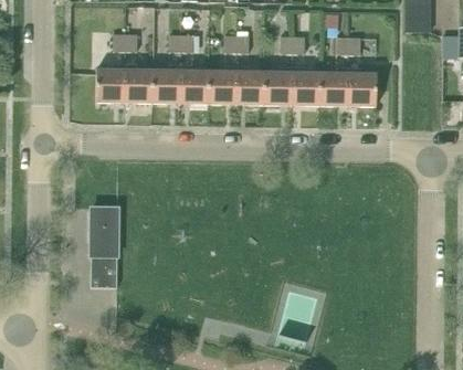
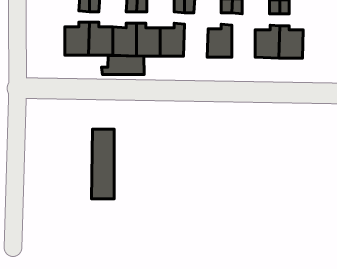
building: [235,65,264,104] -> none
building: [292,66,319,104] -> none
building: none -> [102,56,144,74]
building: [91,205,117,287] -> [92,129,114,199]

